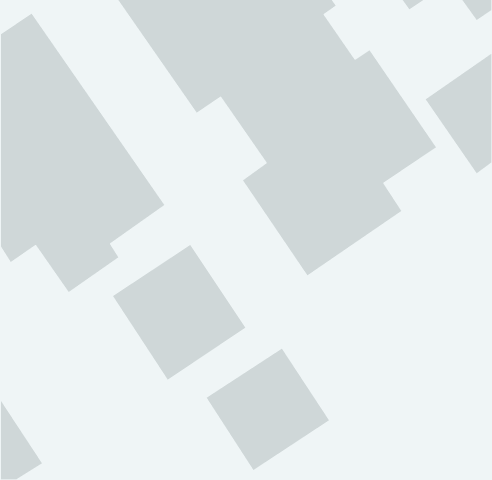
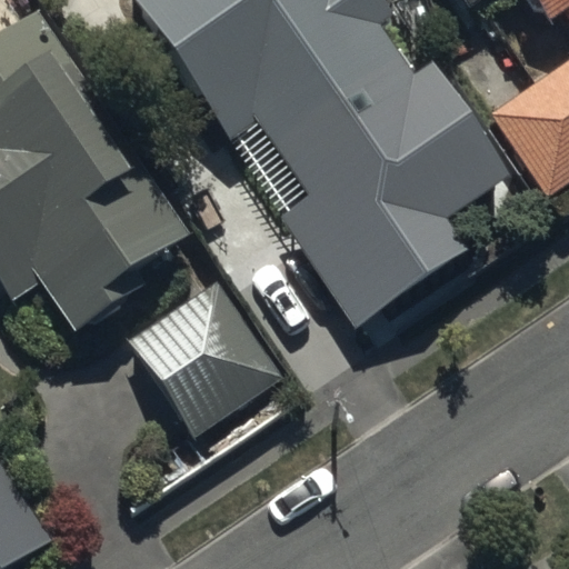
building: [206,348,330,471] -> none

